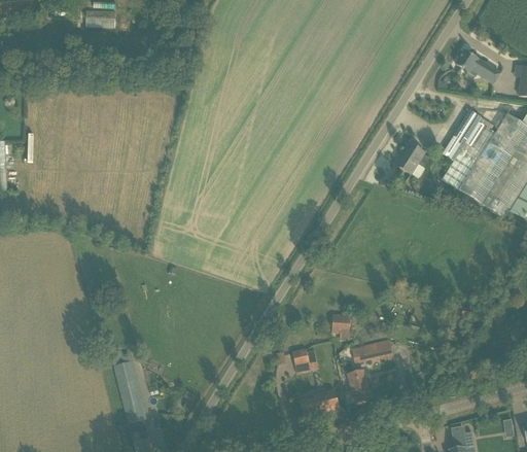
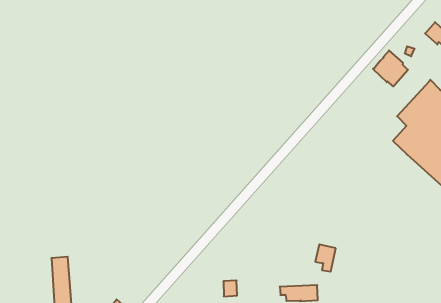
building: [395,142,431,178] -> [373,50,408,86]
building: [331,314,350,340] -> [315,244,336,272]

